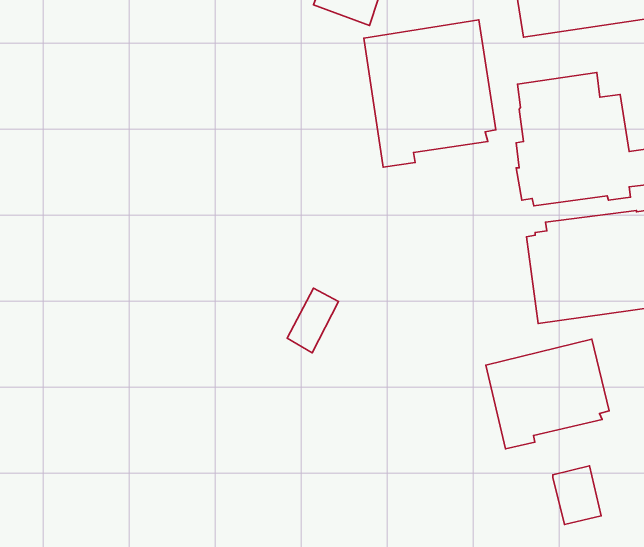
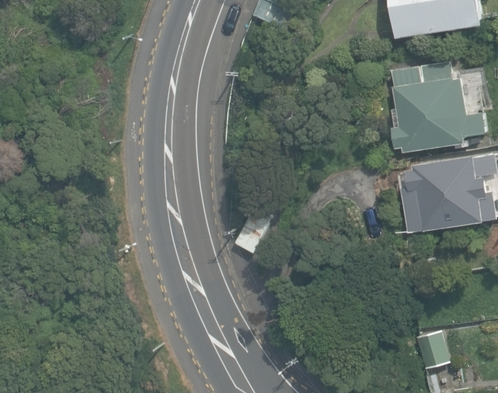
building: [364,20,496,167] -> none
building: [486,339,609,449] -> none

